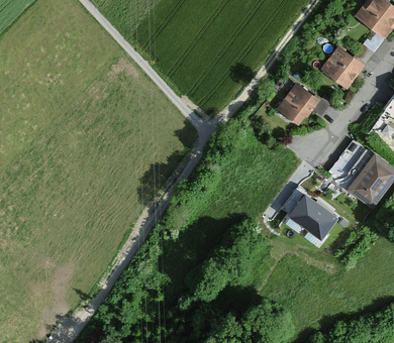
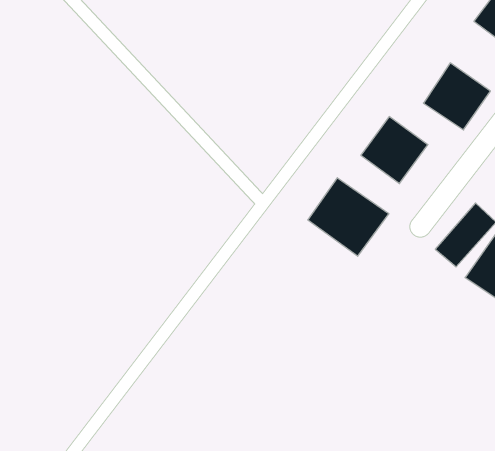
building: none -> [308,178,389,256]
building: [286,197,334,241] -> none

